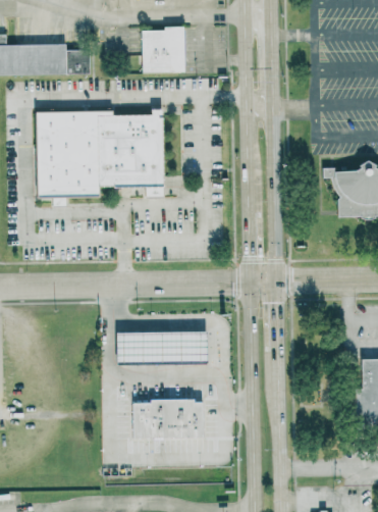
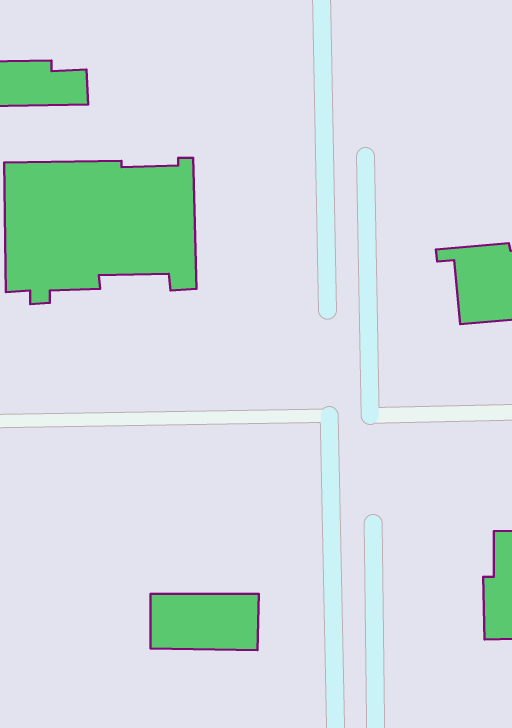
building: [143,28,186,72] -> none
building: [116,330,208,364] -> none

